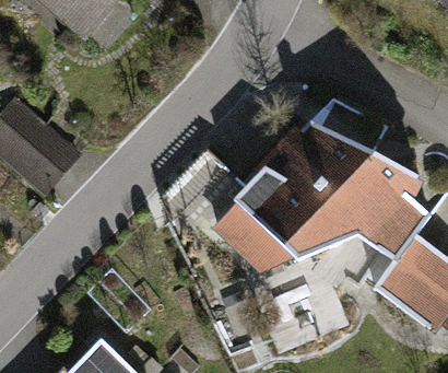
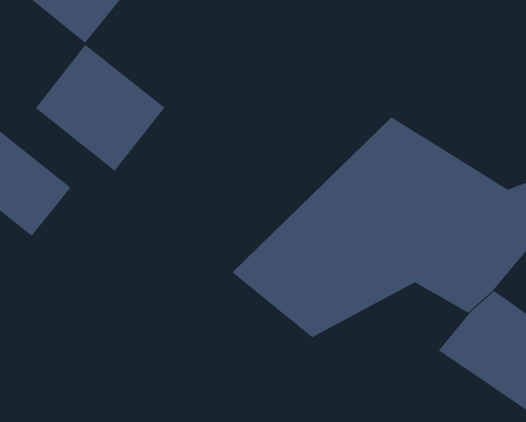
building: none -> [35,44,165,172]

